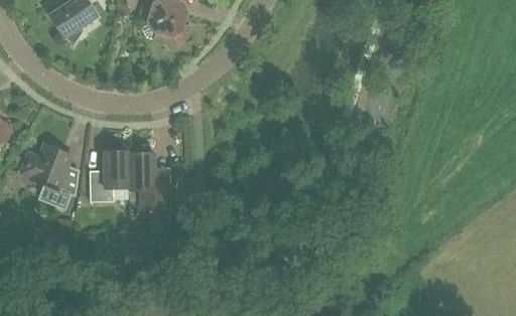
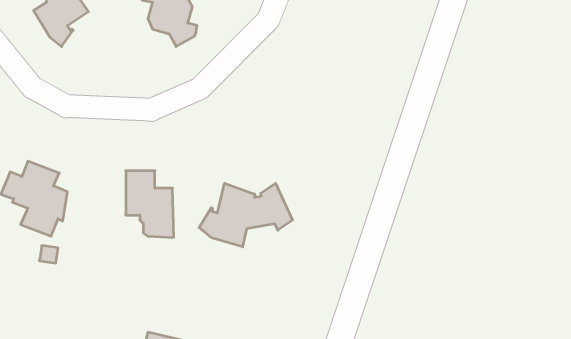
building: [89,150,128,201] -> none
building: none -> [199,183,293,247]

